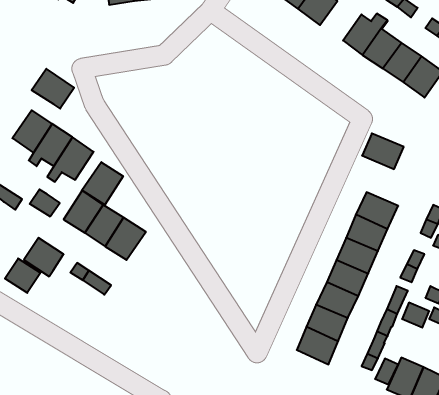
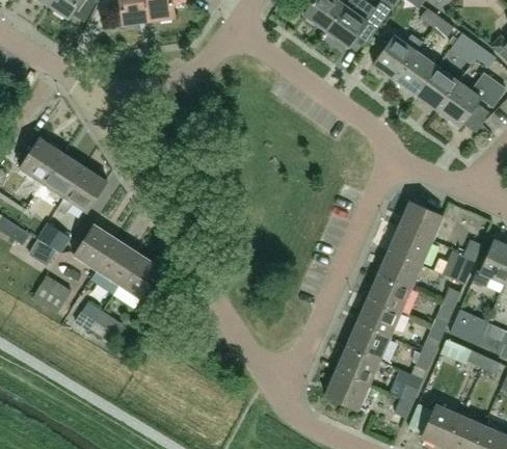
building: [32,69,74,109] -> none
building: [362,133,404,169] -> [399,202,444,240]
building: [82,162,123,205] -> none
building: [5,258,41,293] -> none

